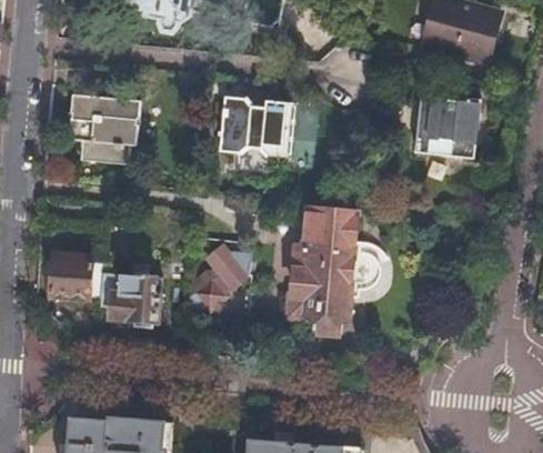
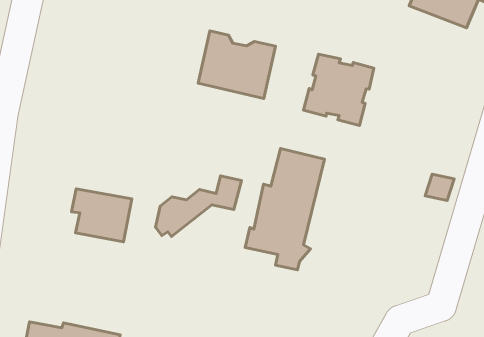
building: [67,94,141,163] -> none
building: [410,101,477,170] -> [303,54,374,125]
building: [48,253,88,296] -> none

